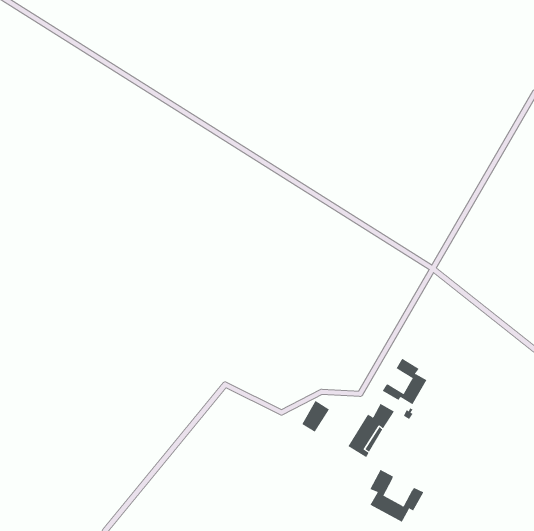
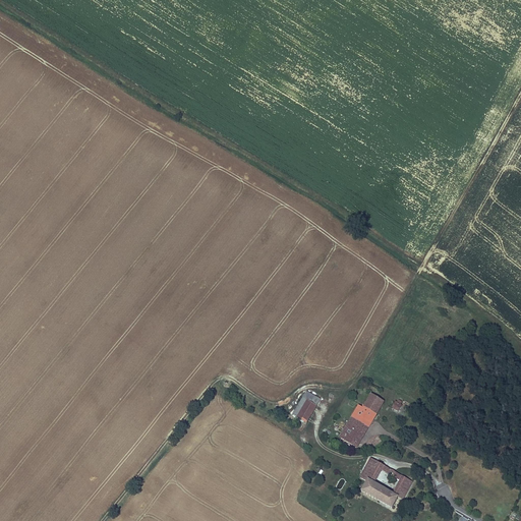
building: [382,358,427,405] -> none

